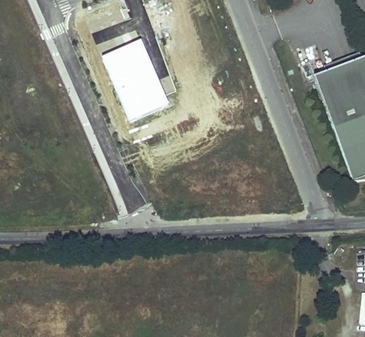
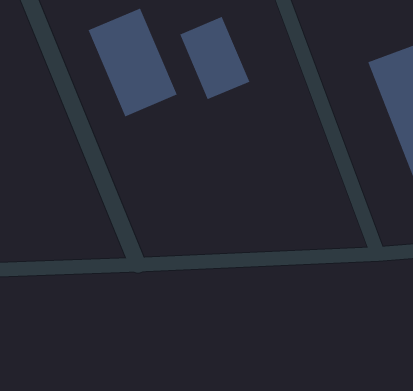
building: none -> [179,16,250,100]

